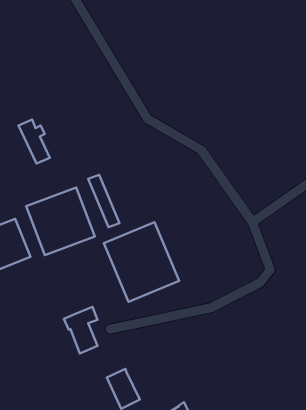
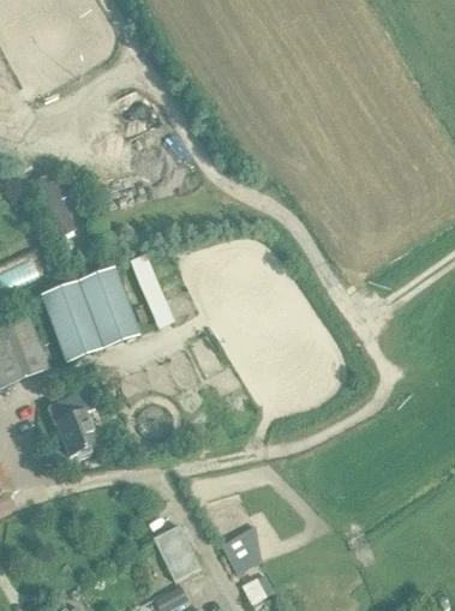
building: [104,222,179,302] -> none
building: [64,307,98,354] -> [47,388,95,454]
building: none -> [220,523,263,574]

